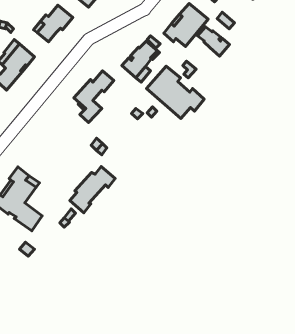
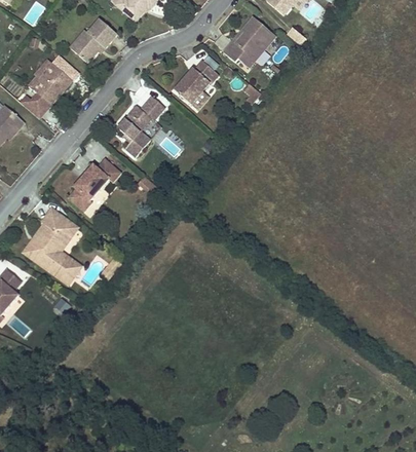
building: [197,27,229,56] -> none
building: [146,66,204,118] -> none
building: [70,166,115,213] -> [67,157,120,212]

